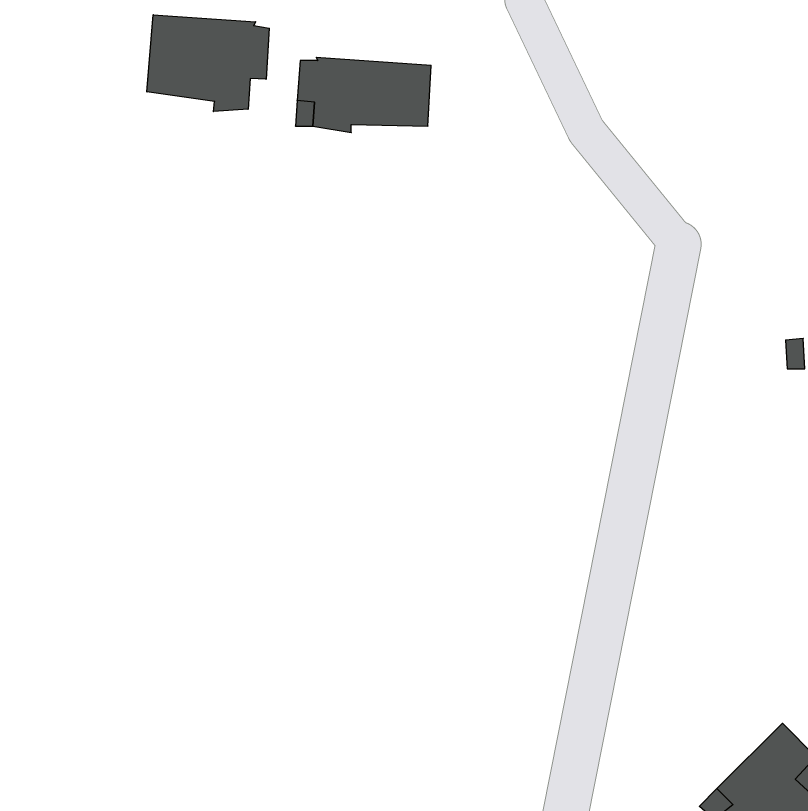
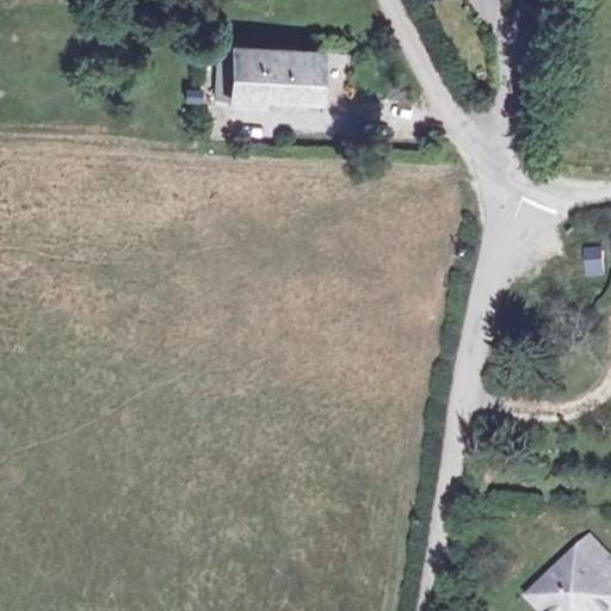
building: [147,15,269,112] -> none

